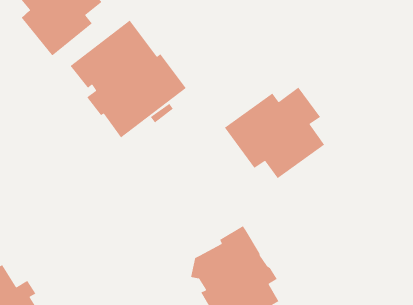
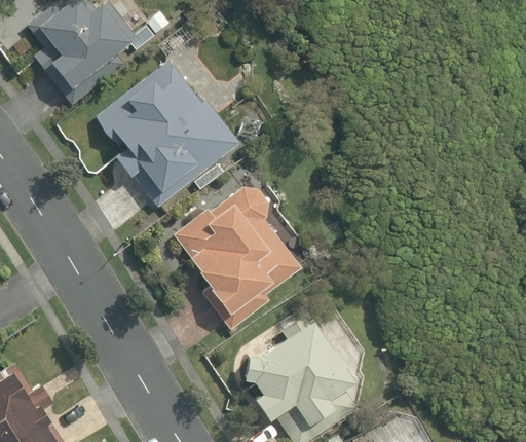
building: [224,87,325,179] -> none
building: none -> [174,187,299,330]

